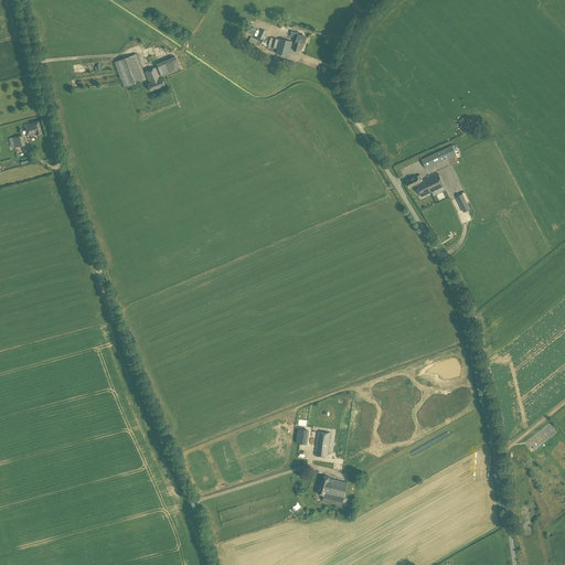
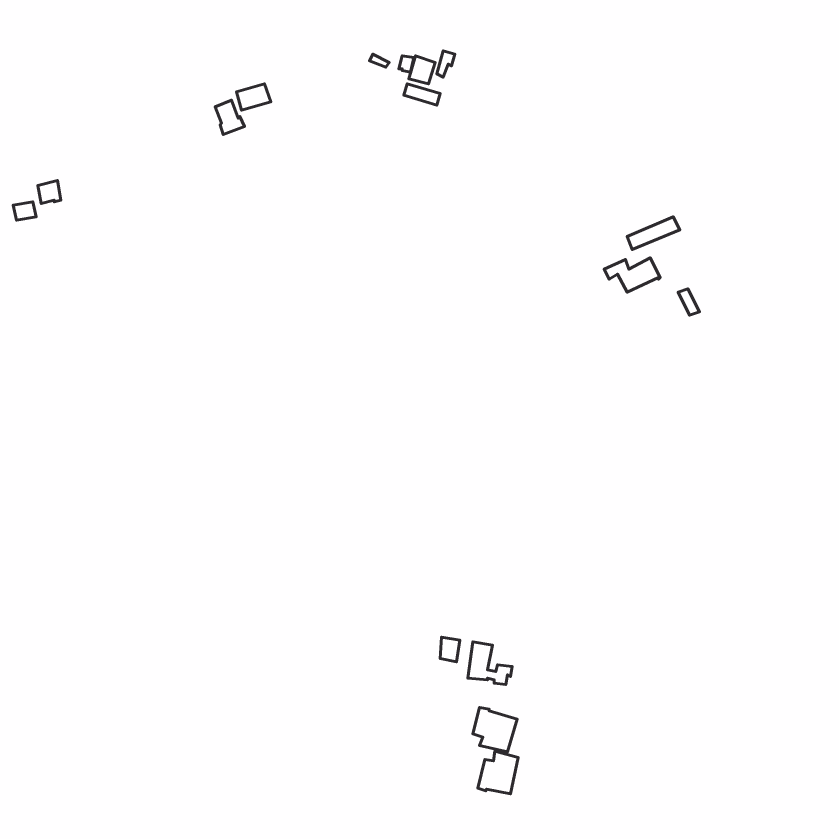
building: [114,54,146,87] -> none
building: none -> [478,751,518,794]

